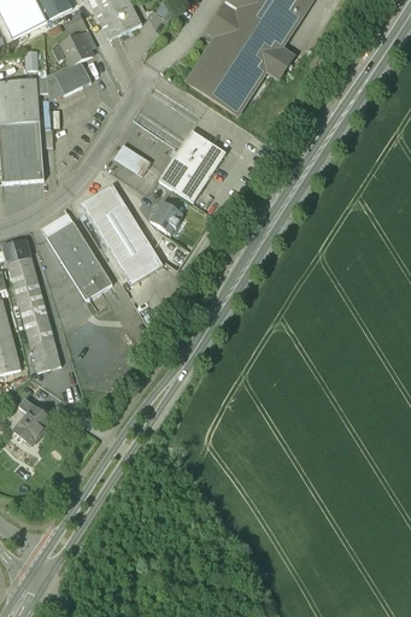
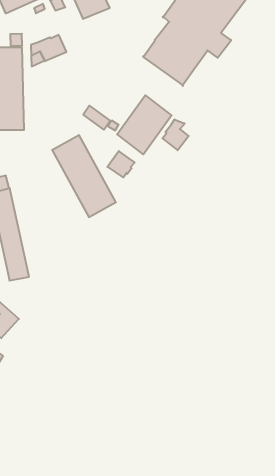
building: [52,31,92,64] -> none
building: none -> [162,119,189,150]
building: [41,210,110,295] -> none

